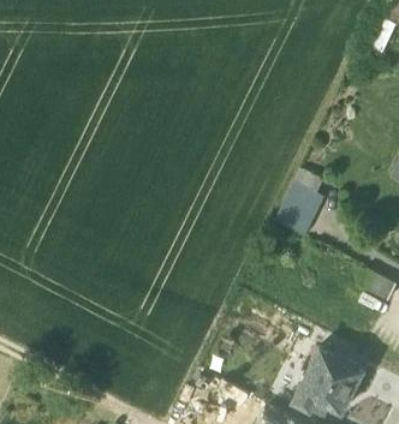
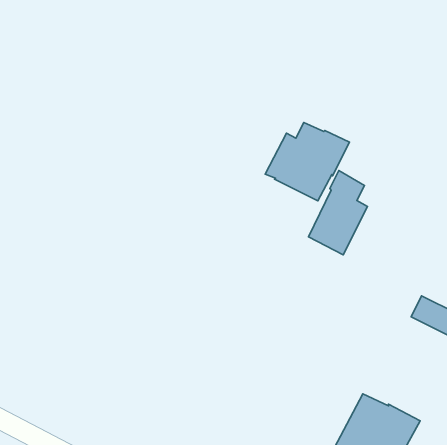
building: none -> [265,122,349,201]

